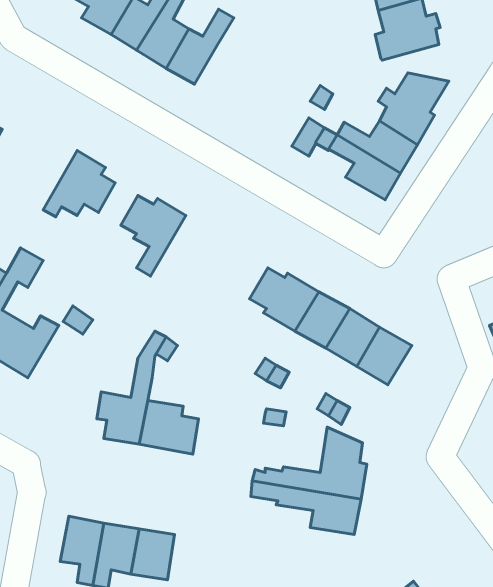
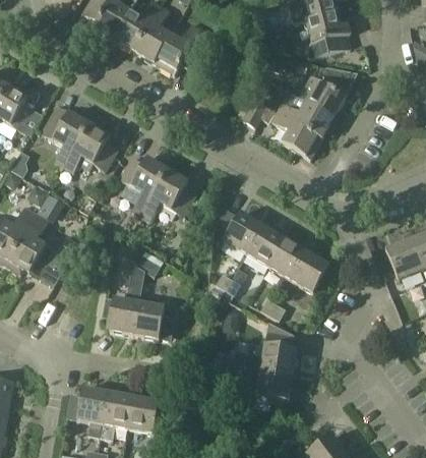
building: none -> [40,104,88,165]
building: none -> [141,169,195,218]

